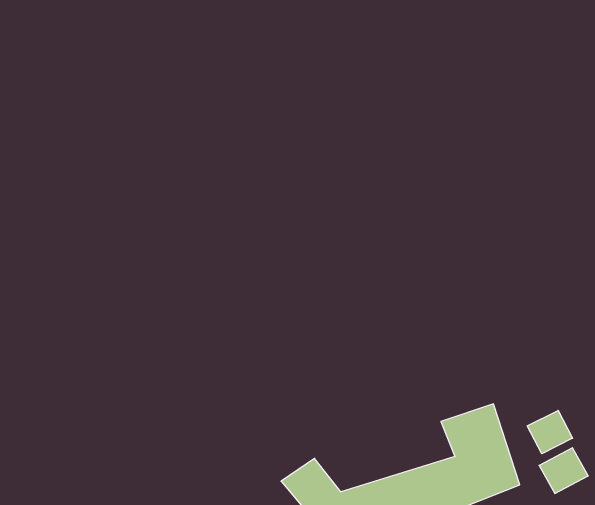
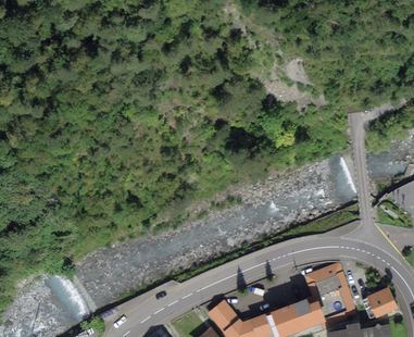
building: [527,410,573,454] -> none

